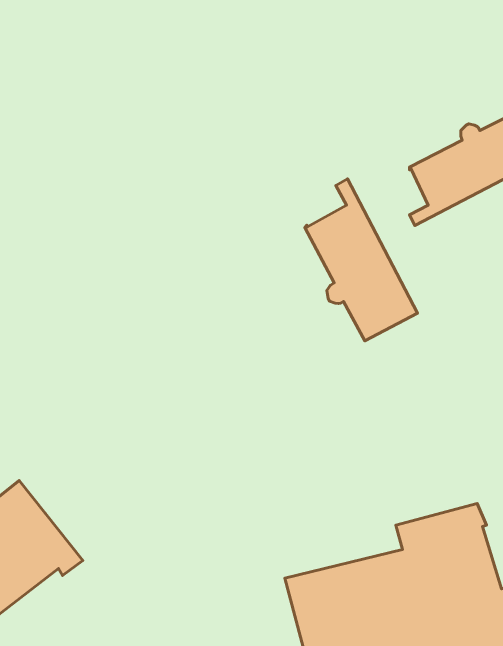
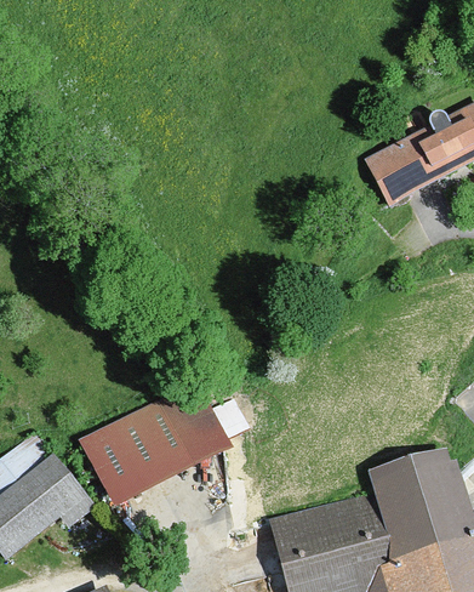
building: [305,179,417,341] -> none
building: none -> [85,386,222,496]

